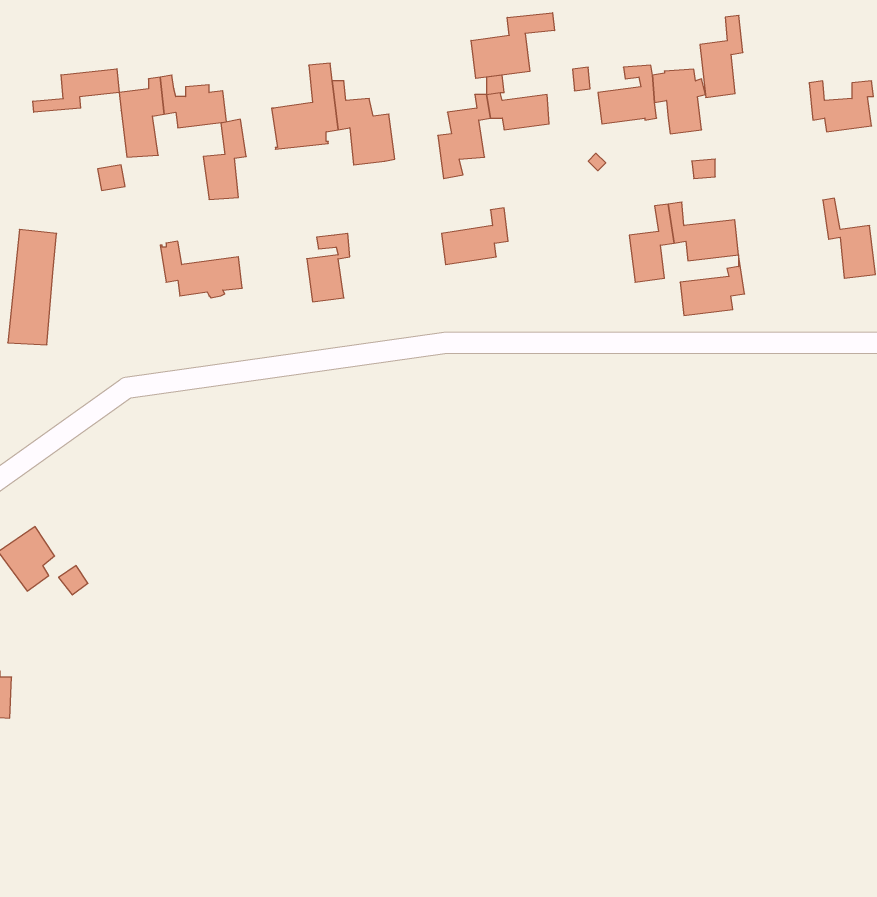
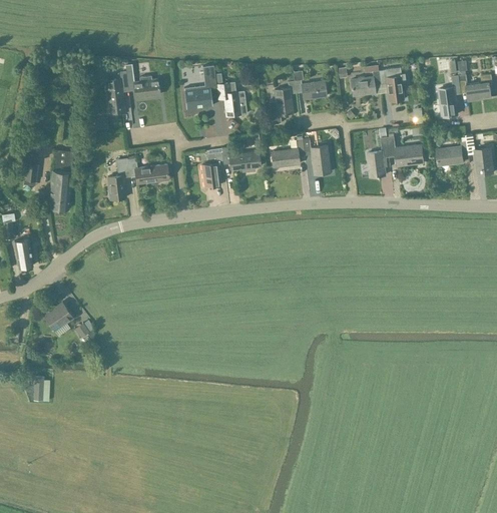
building: [471,13,555,78] -> none
building: [700,15,743,97] -> [439,74,461,116]
building: [33,69,119,112] -> none
building: [203,119,246,199] -> [107,157,129,198]
building: none -> [303,137,330,173]
building: none -> [221,146,260,171]
building: [680,255,745,315] -> [436,134,469,165]

